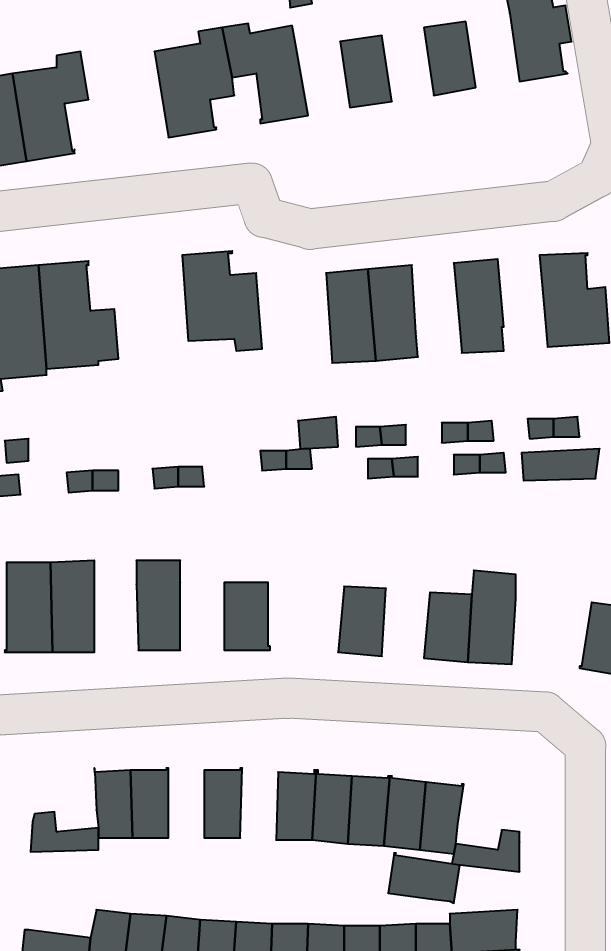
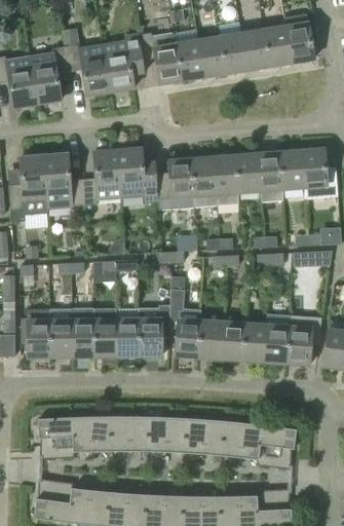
building: none -> [263,27,291,65]
building: none -> [63,28,110,95]
building: none -> [174,30,203,79]
building: none -> [220,34,246,72]
building: none -> [82,151,120,204]
building: none -> [279,151,304,188]
building: none -> [235,155,260,191]
building: none -> [156,160,194,210]
building: none -> [169,289,200,355]
building: none -> [72,308,94,355]
building: none -> [286,315,321,364]
building: none -> [116,320,139,354]
building: none -> [220,323,244,359]
building: none -> [38,415,73,439]
building: none -> [110,415,128,451]
building: none -> [147,415,166,452]
building: [388,853,460,903] -> [259,423,296,449]
building: none -> [38,478,73,502]

